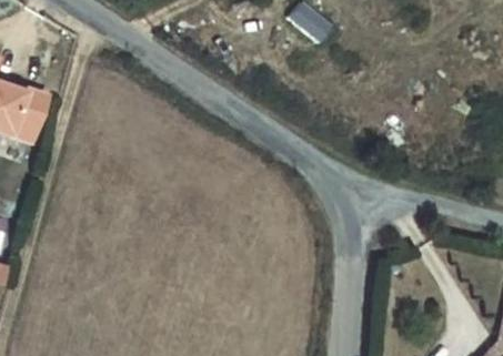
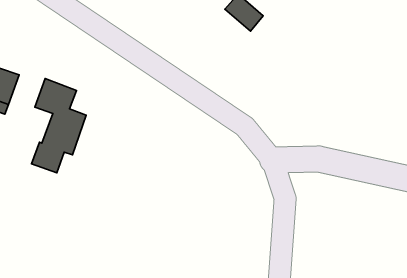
building: none -> [32,78,86,173]

